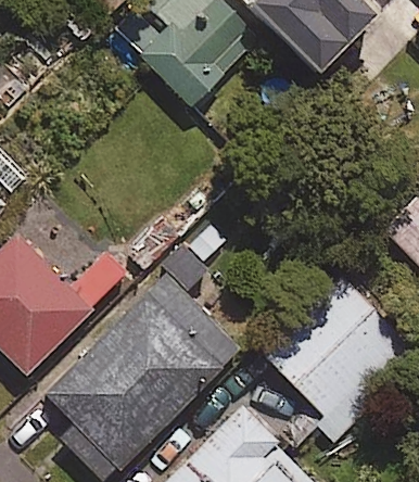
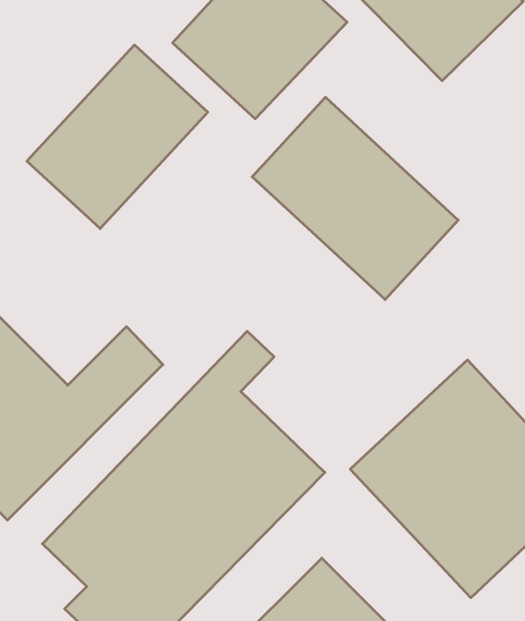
building: none -> [27,45,208,229]
building: none -> [252,97,458,300]

